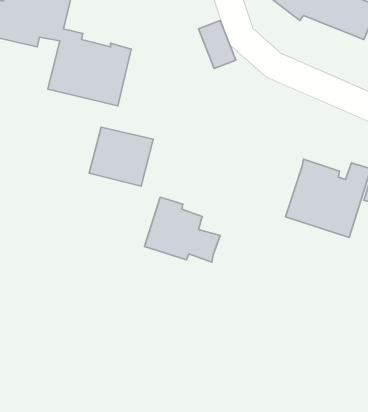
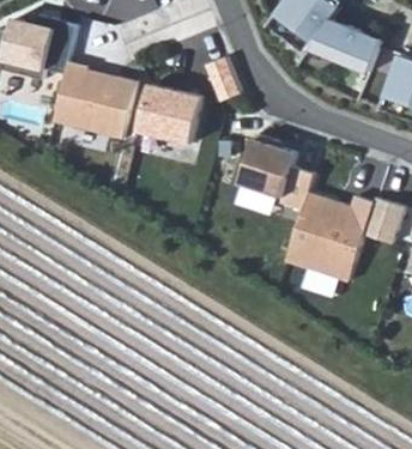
building: [89,127,153,186] -> [139,85,202,144]
building: [144,197,220,262] -> [240,134,315,199]

